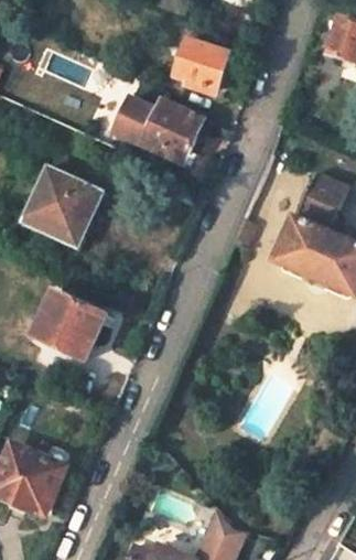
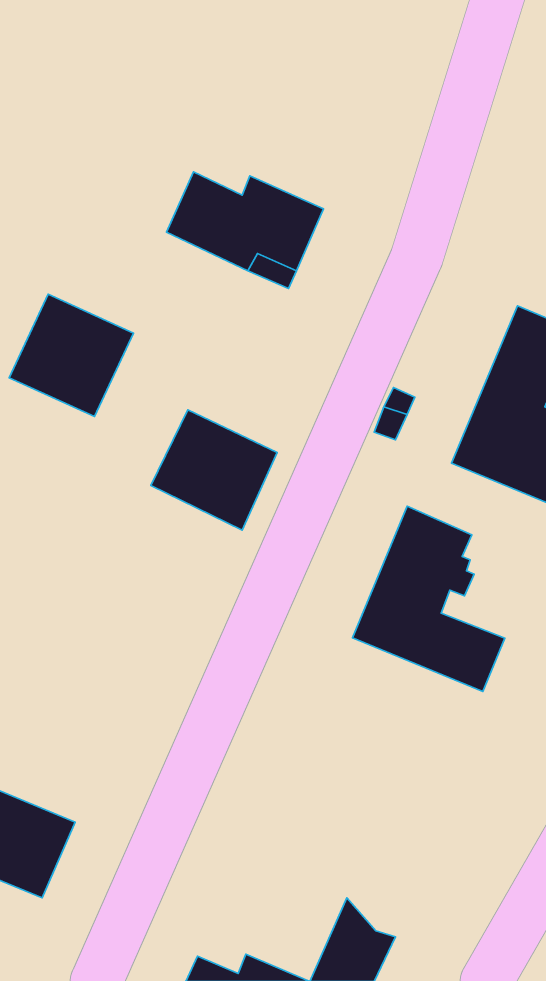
building: [173,40,227,90] -> none
building: none -> [353,506,505,691]
building: [32,293,104,362] -> [151,410,277,530]

